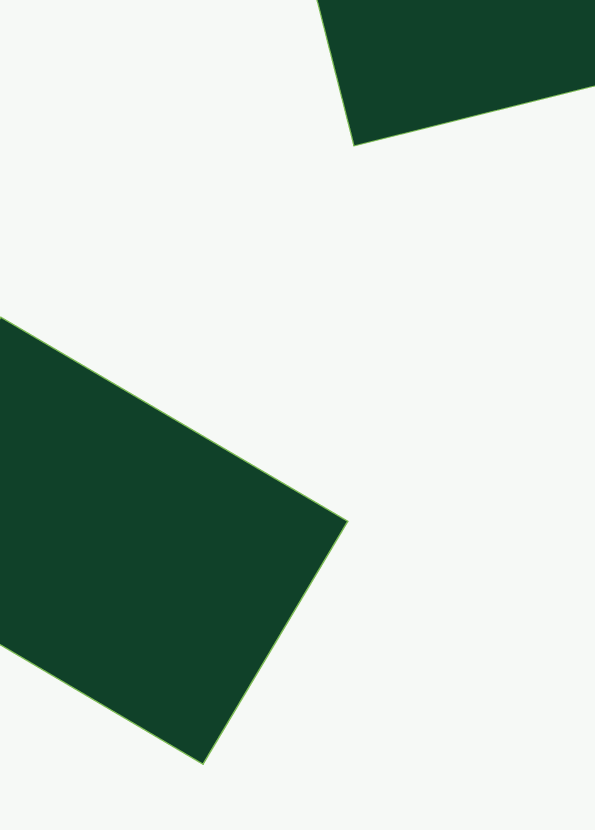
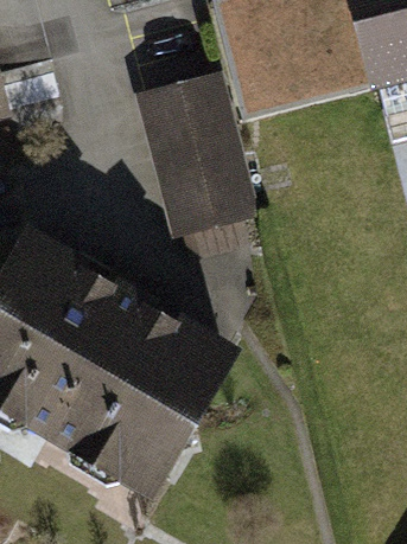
building: none -> [134,71,257,239]

